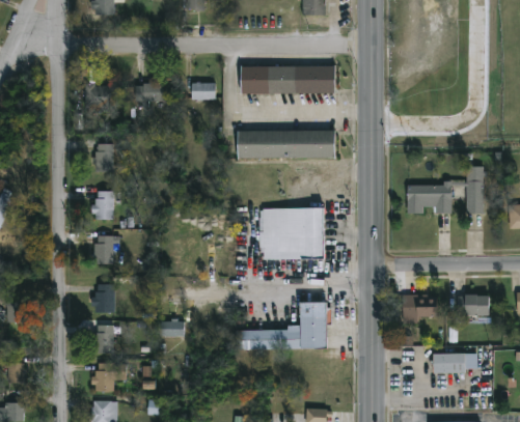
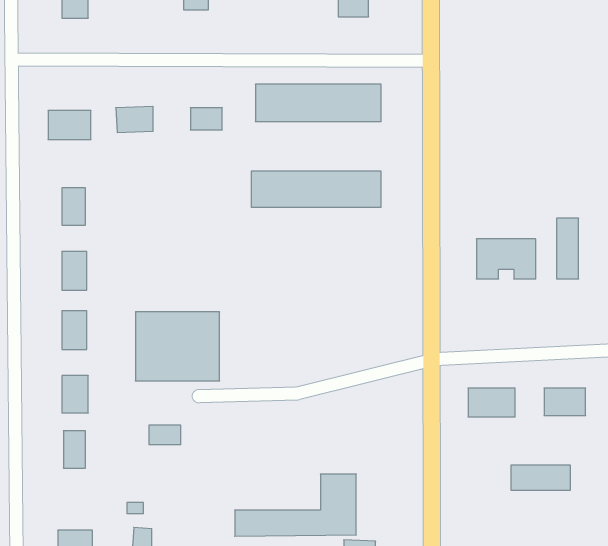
building: [261,207,324,259] -> [135,312,220,381]
building: [236,303,327,349] -> [235,474,356,536]
building: [94,364,127,392] -> none

